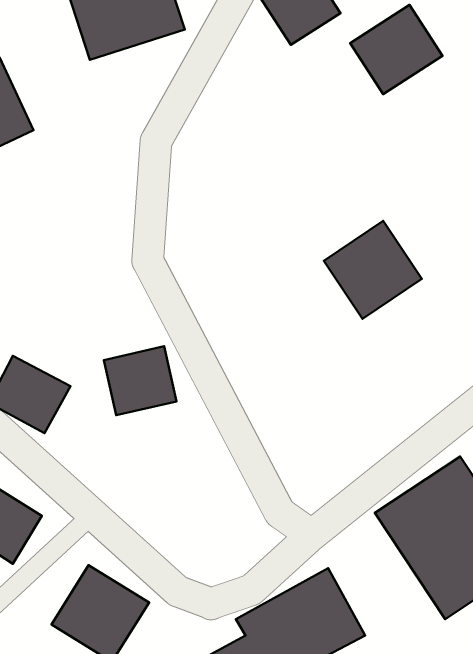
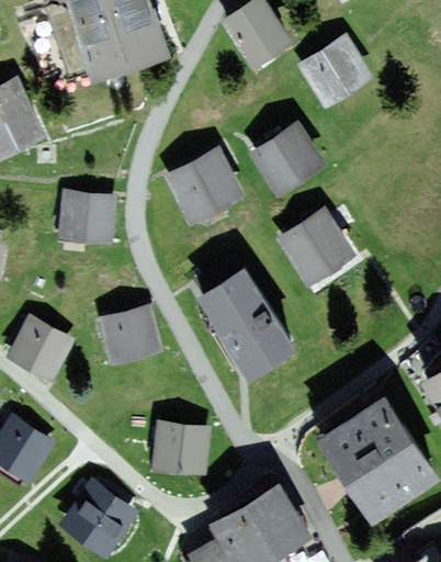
building: none -> [249,123,324,195]
building: none -> [165,147,242,223]
building: none -> [57,190,115,243]
building: none -> [196,268,295,379]
building: none -> [151,420,211,475]

